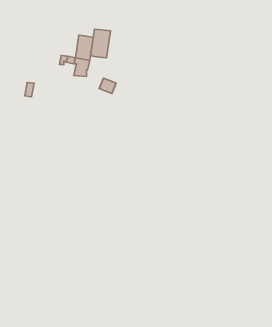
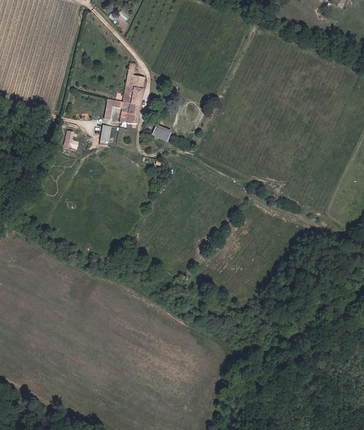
building: [91,29,110,58] -> none

